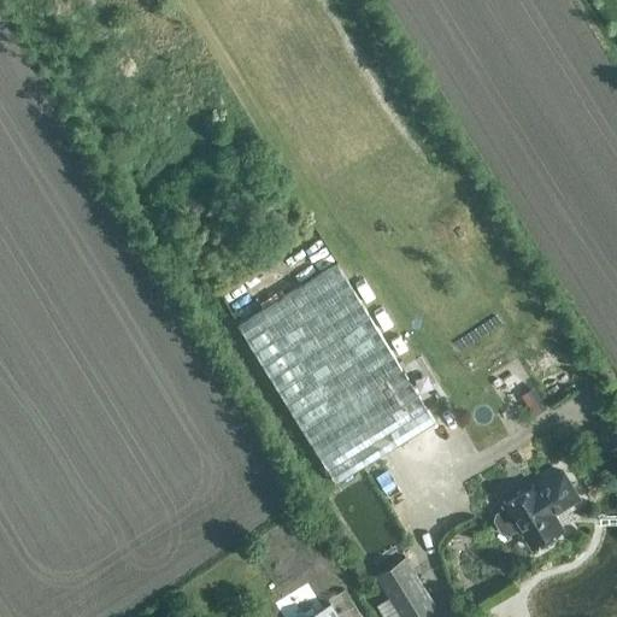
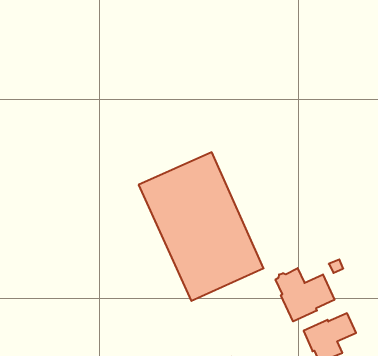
building: none -> [276,268,334,321]

